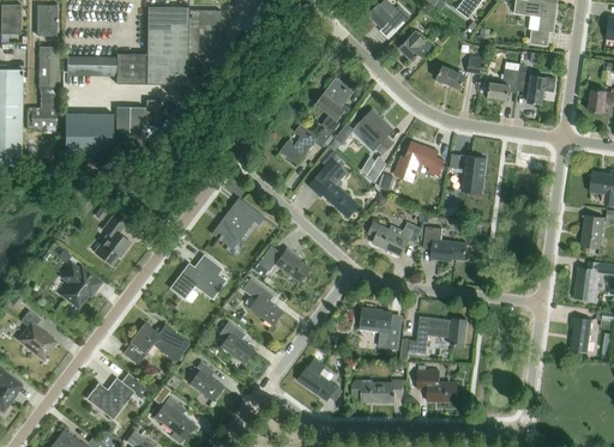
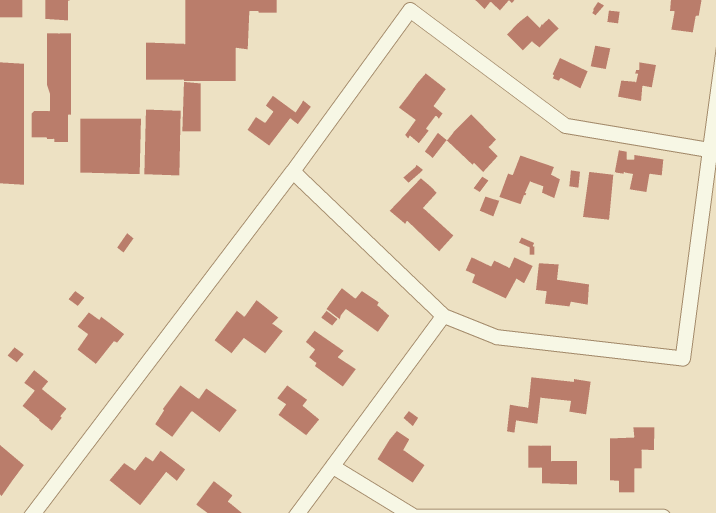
building: [66,55,116,75] -> none
building: [516,71,555,104] -> [614,150,664,193]
building: [281,123,332,164] -> [246,95,312,147]
building: [212,205,264,246] -> none
building: [95,213,131,265] -> none
building: [361,308,398,346] -> none
building: none -> [610,427,655,493]
building: [191,362,224,400] -> none
building: [353,379,403,400] -> none

